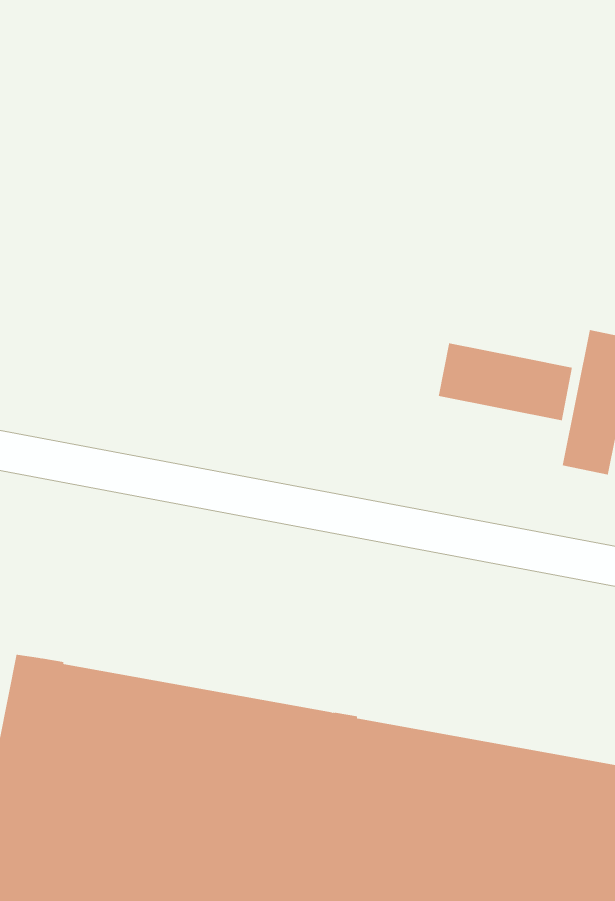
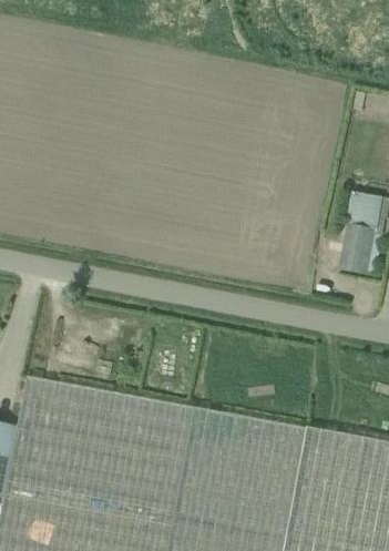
building: [438,342,572,421] -> none

